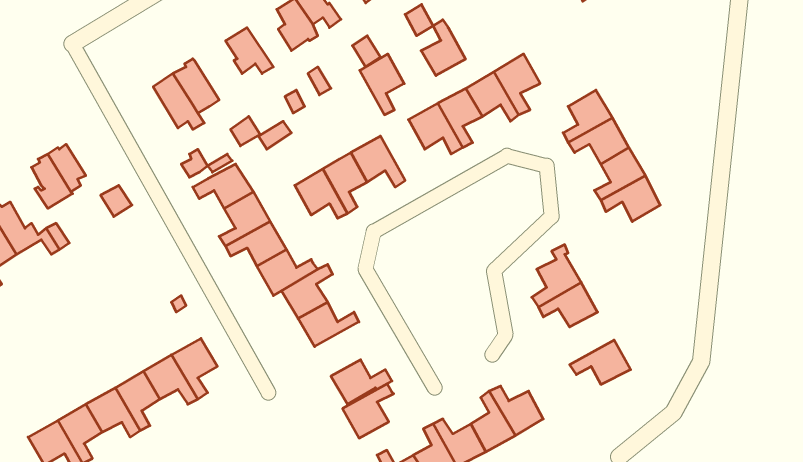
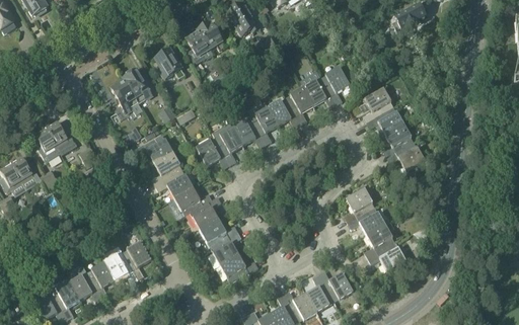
building: [421,20,465,76] -> none
building: [360,54,404,115] -> [250,106,278,144]
building: none -> [364,221,394,257]
building: [343,384,394,438] -> [210,231,241,264]

